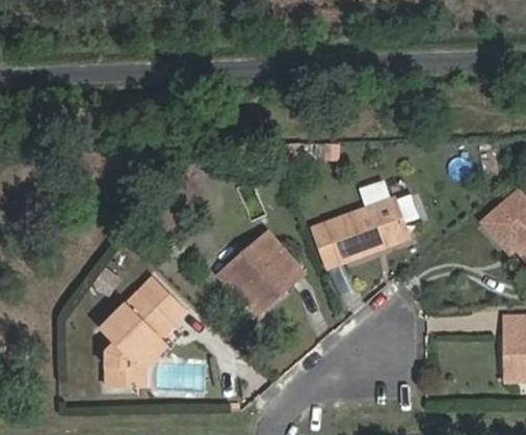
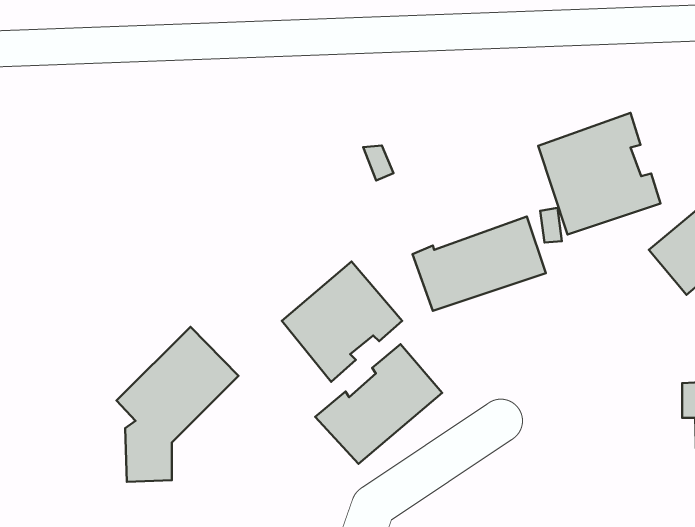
building: none -> [538,113,661,234]
building: none -> [315,344,442,464]

